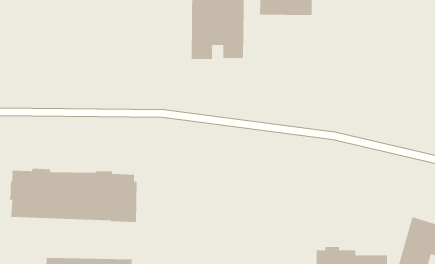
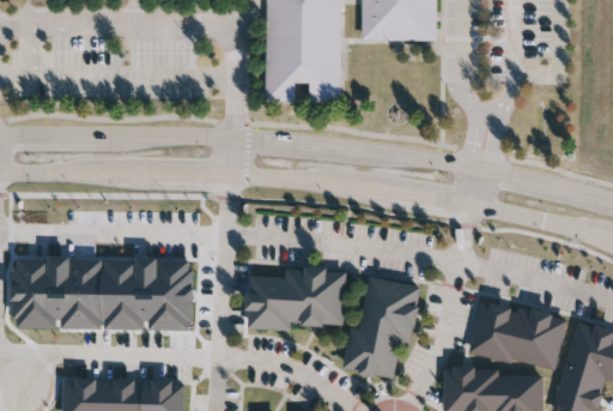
building: none -> [248,270,347,333]
building: none -> [341,280,421,381]
building: none -> [467,303,568,370]

